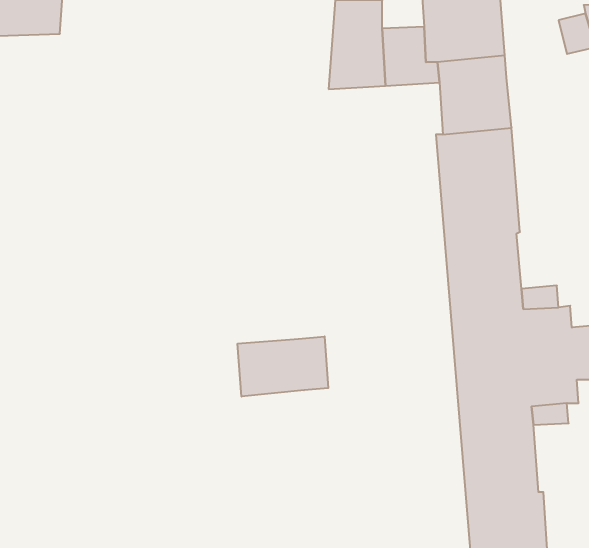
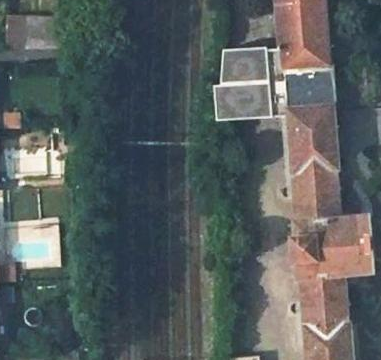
building: none -> [216,78,289,114]
building: [238,336,328,397] -> none

